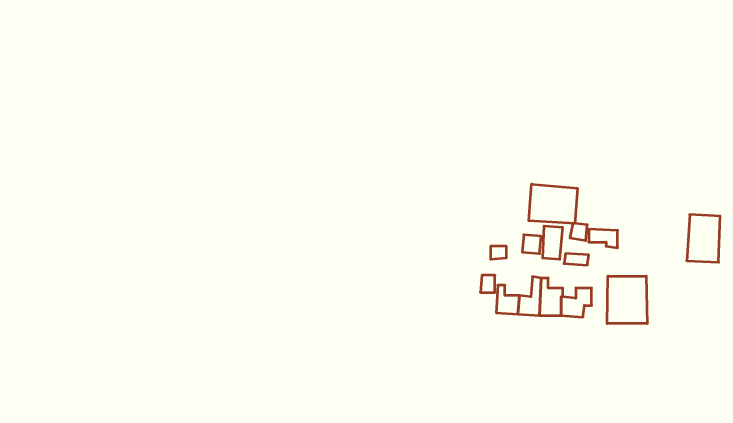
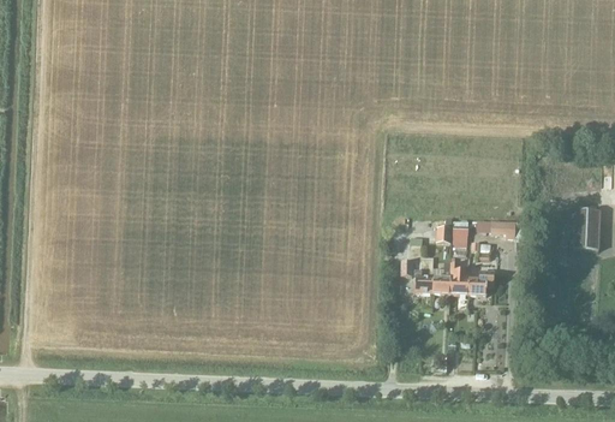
building: [529,184,577,223] -> none
building: [607,276,647,324] -> none

